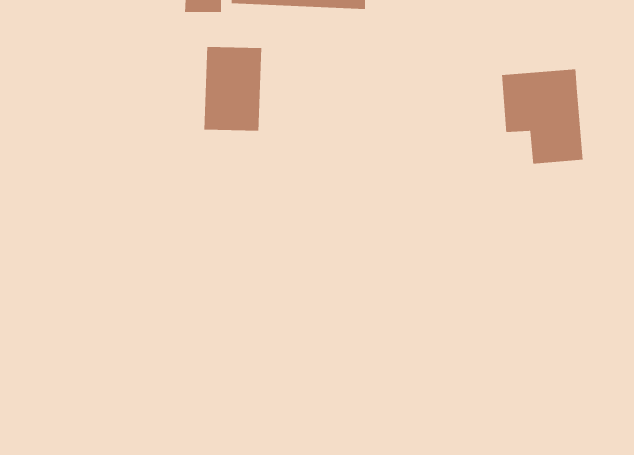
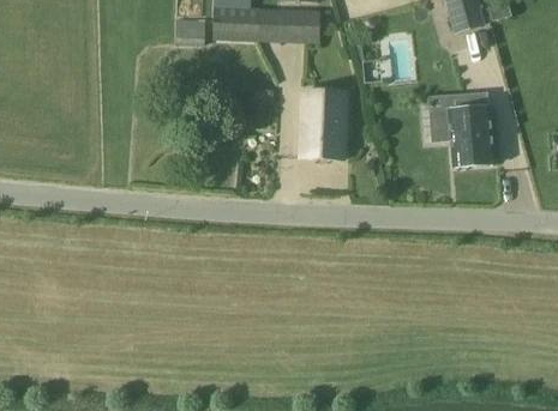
building: [204,46,262,132] -> [300,90,347,158]

